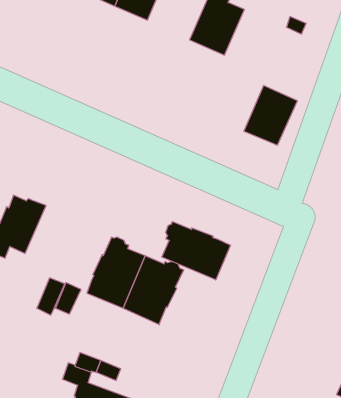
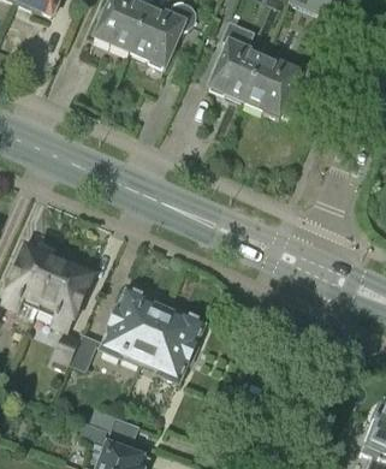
building: [244,86,297,145] -> [244,55,299,117]
building: none -> [38,257,91,328]
building: [162,222,231,280] -> none

